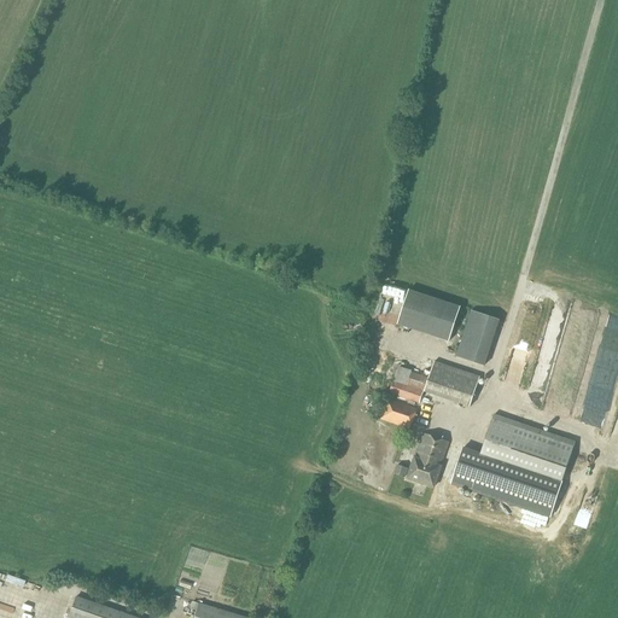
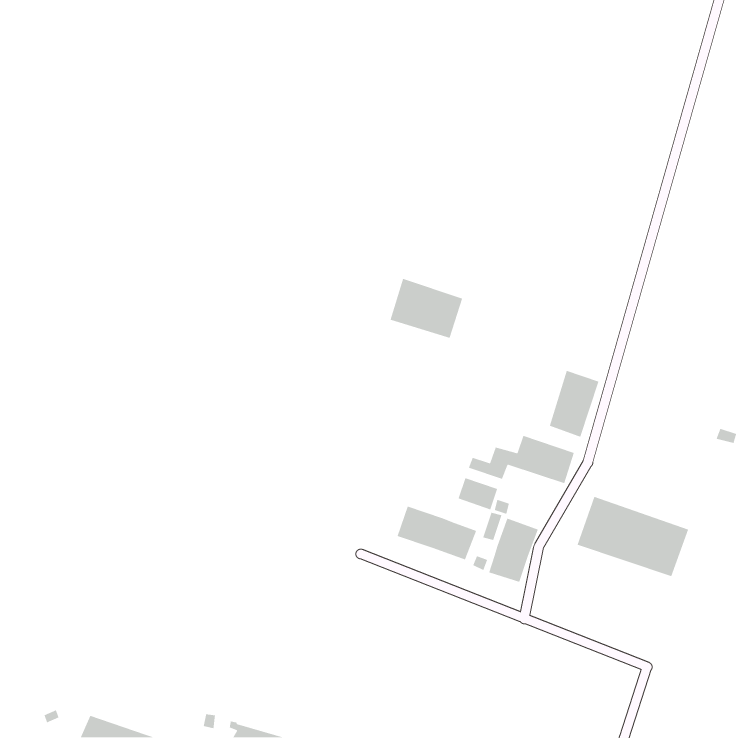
building: [398,290,460,340] -> [389,278,463,339]
building: none -> [397,505,477,561]
building: [459,450,560,512] -> none

